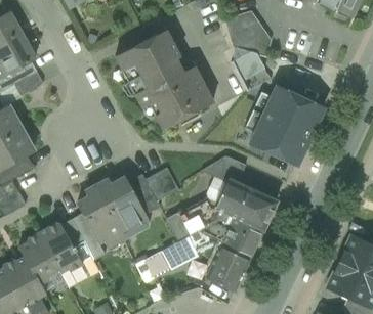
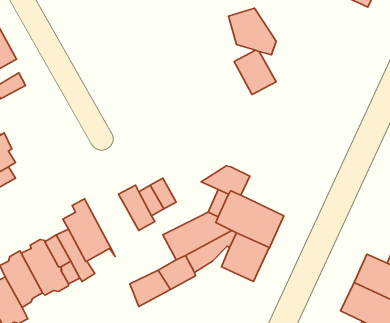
building: [116,31,213,129] -> none
building: [251,87,322,163] -> none
building: [96,178,146,231] -> none
building: [206,248,249,293] -> none

